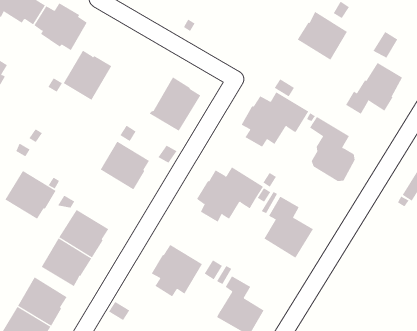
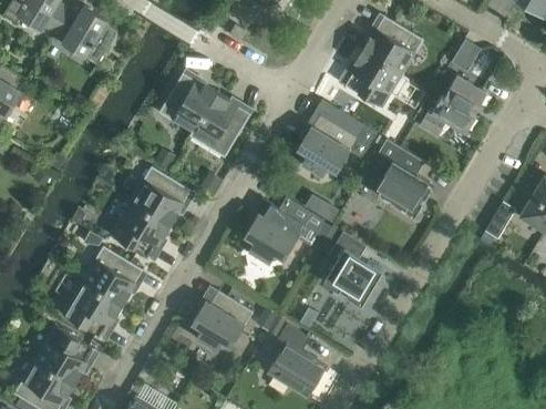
building: none -> [342,49,402,108]
building: [63,50,112,100] -> [159,73,217,132]
building: [4,170,57,219] -> [111,201,172,258]

